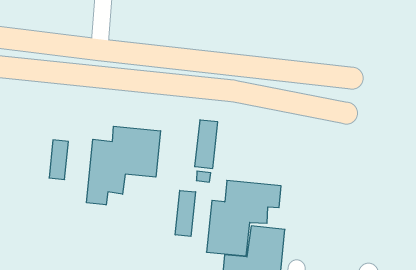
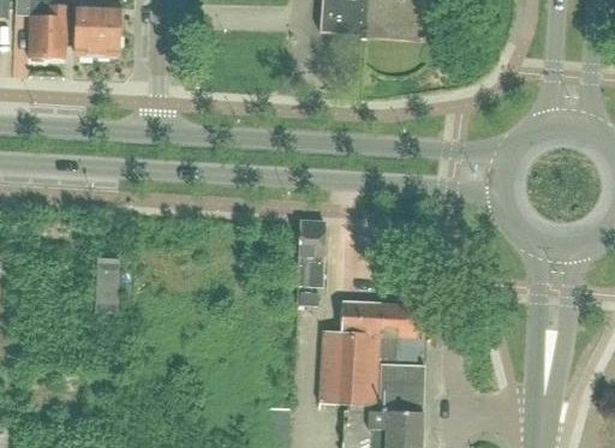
building: [87,126,161,205] -> none
building: [175,190,196,236] -> none

